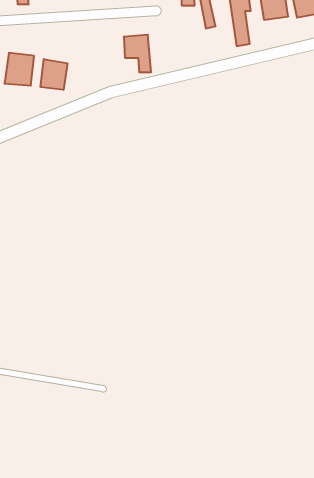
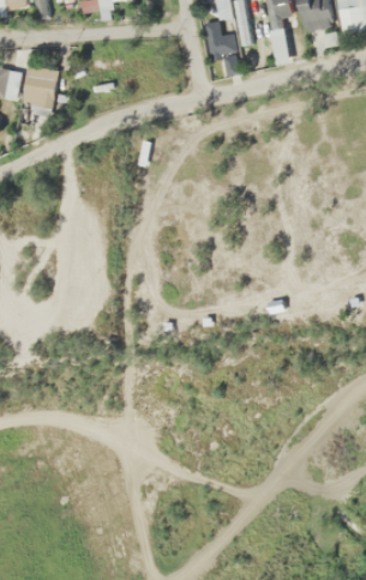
building: [124,35,151,72] -> [209,31,239,72]
building: [41,59,67,90] -> none

